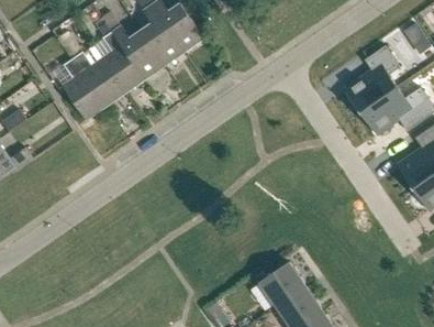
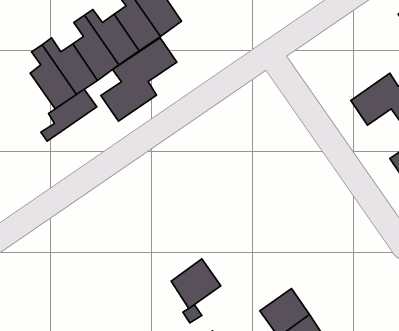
building: [344,44,399,110] -> none
building: none -> [101,38,177,121]
building: none -> [41,89,97,141]
building: [258,260,304,306] -> [171,259,221,308]

